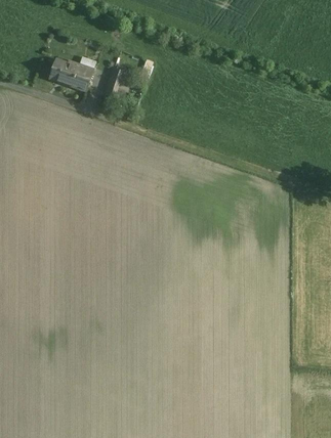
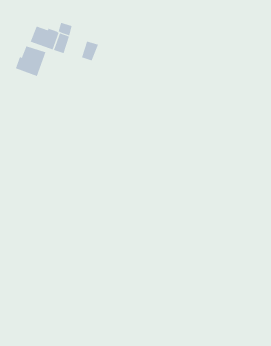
building: none -> [15,45,46,77]

